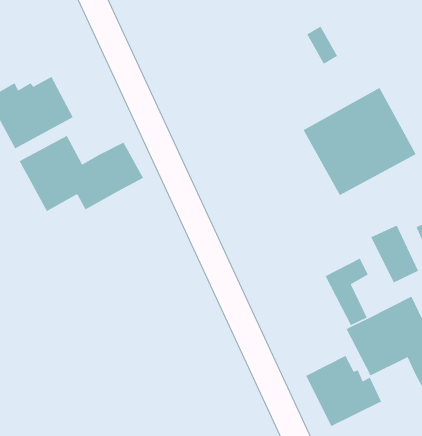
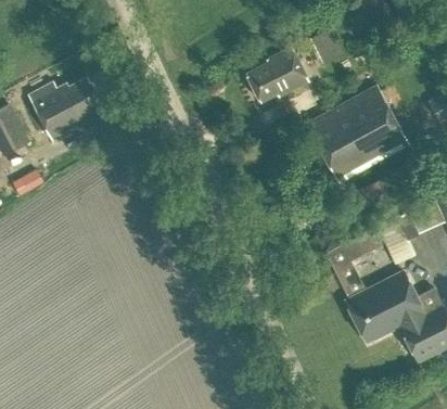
building: none -> [247,48,309,103]
building: [19,135,144,212] -> none
building: [305,355,382,427] -> none

